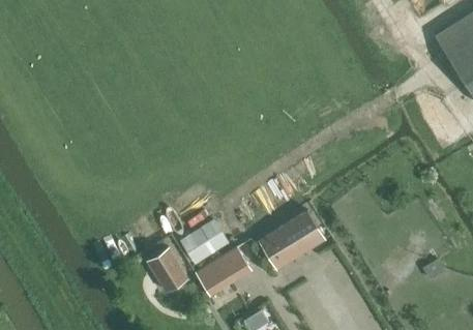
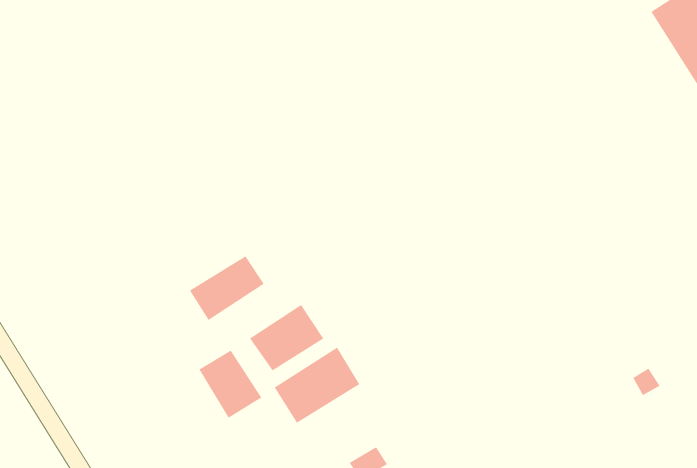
building: none -> [189,256,264,321]
building: [258,210,325,270] -> none

